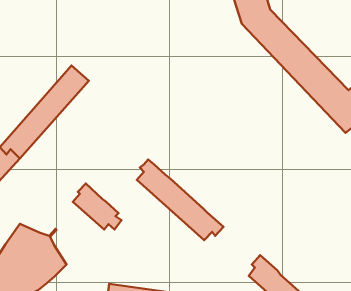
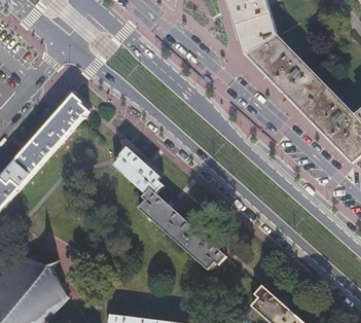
building: [73,184,122,229] -> [115,146,165,192]

